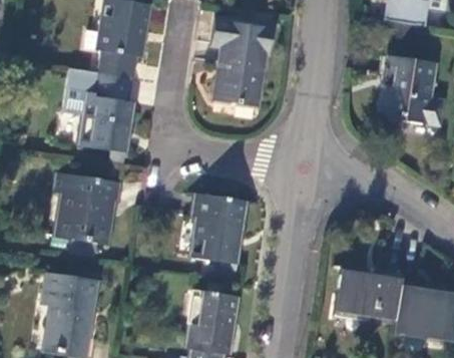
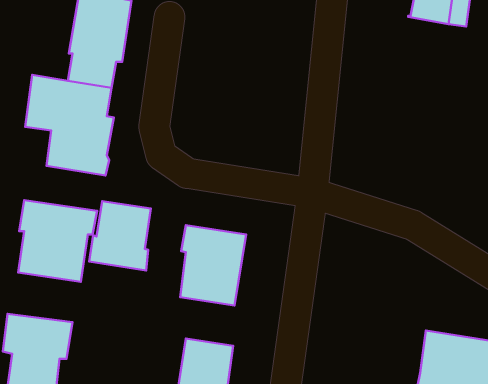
building: [213,20,275,106] -> none
building: [382,58,435,126] -> none
building: none -> [89,201,151,270]
building: [335,267,402,320] -> none

